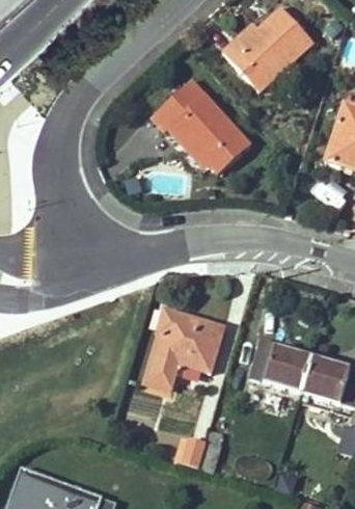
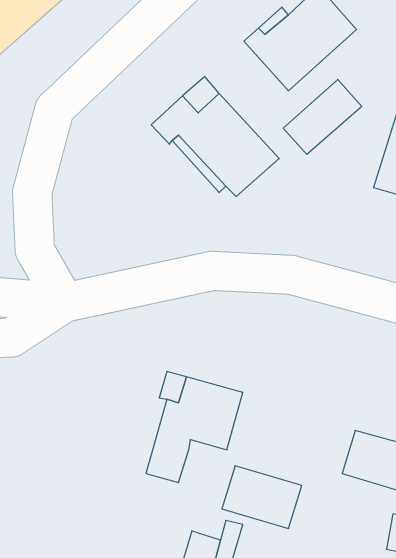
building: none -> [283,79,362,154]
building: [249,342,312,392] -> [222,466,302,528]

